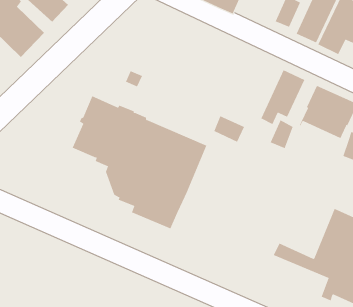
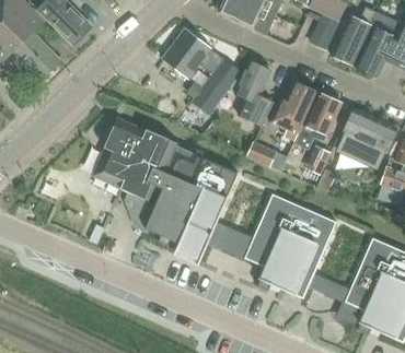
building: none -> [166,30,242,114]
building: none -> [236,61,274,126]
building: none -> [270,82,317,140]
building: none -> [208,193,336,298]

